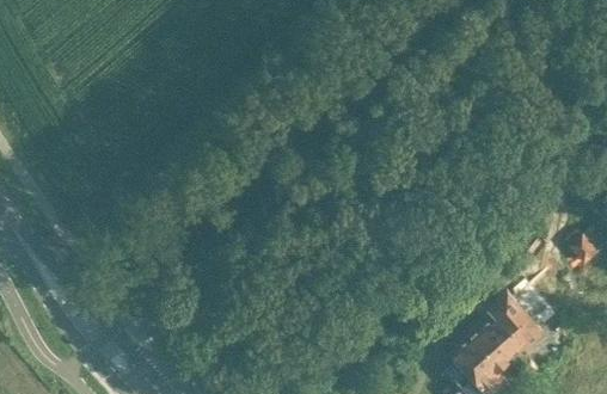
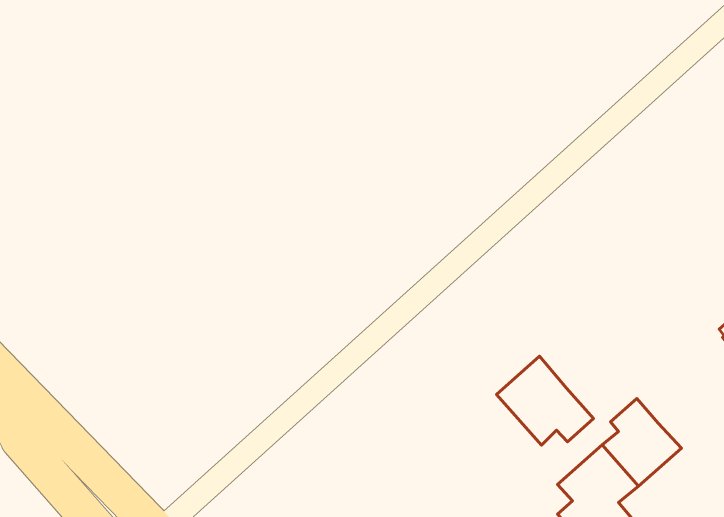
building: none -> [497,356,594,445]

